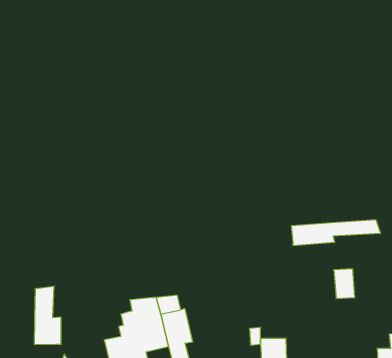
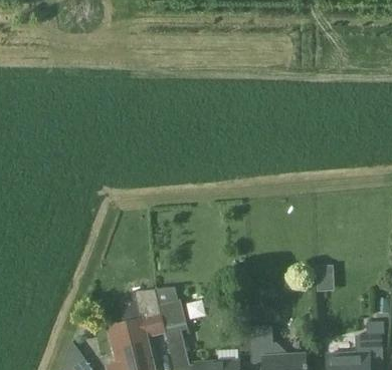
building: [292,220,380,246] -> none
building: [34,286,61,345] -> none

